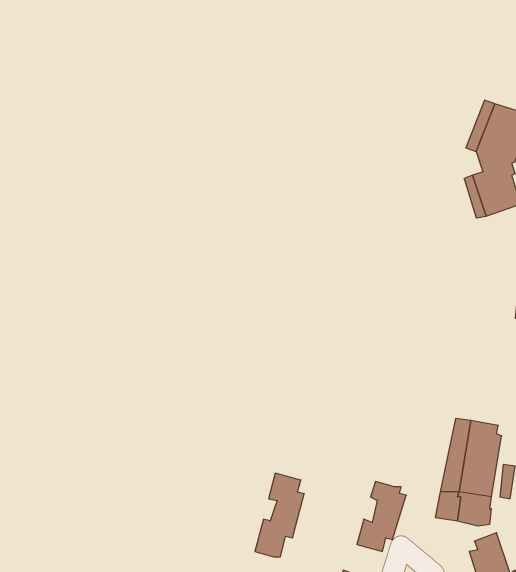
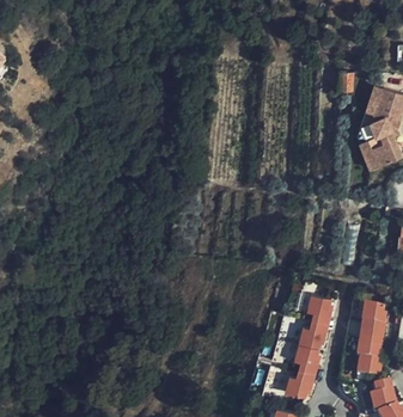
building: [255,473,304,557] -> [303,288,337,347]

